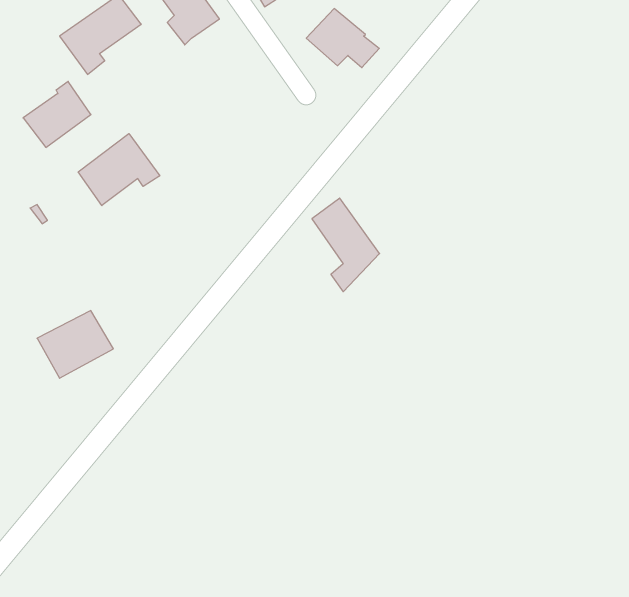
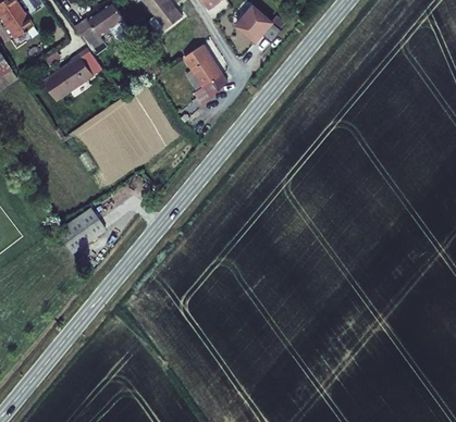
building: [78,134,160,206] -> none
building: [312,198,380,292] -> [187,45,230,103]

